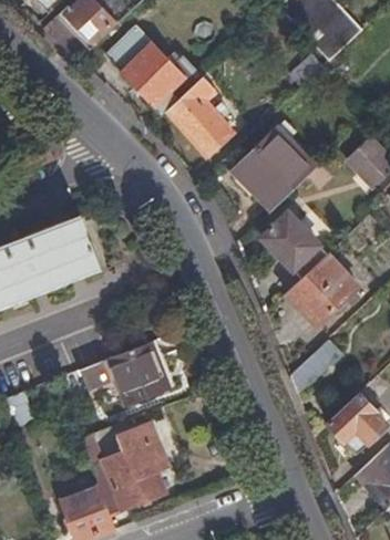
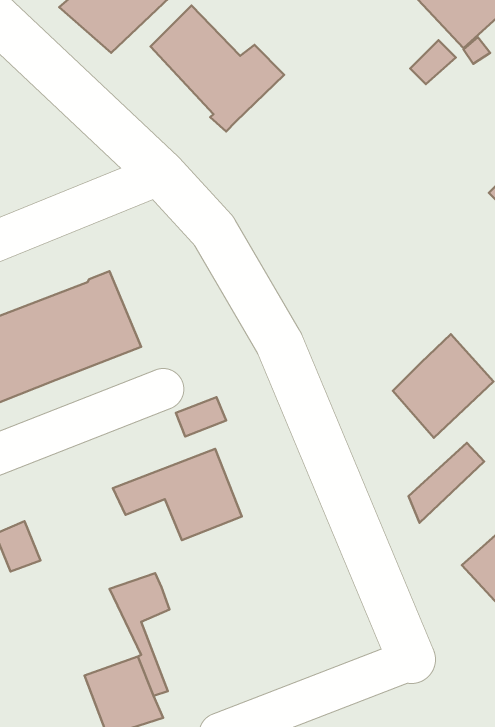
building: [167,75,235,155] -> none
building: [236,125,318,208] -> none
building: [263,212,327,280] -> none
building: [101,425,164,511] -> none

